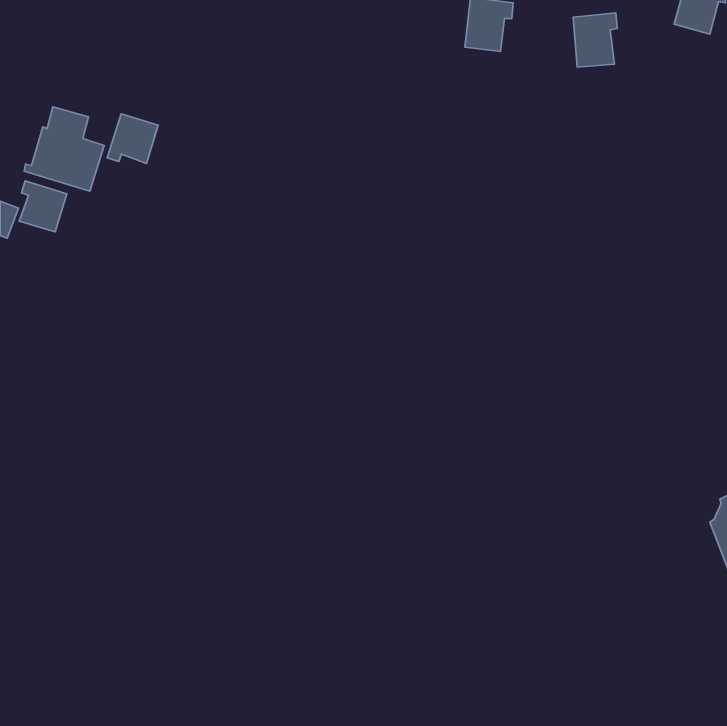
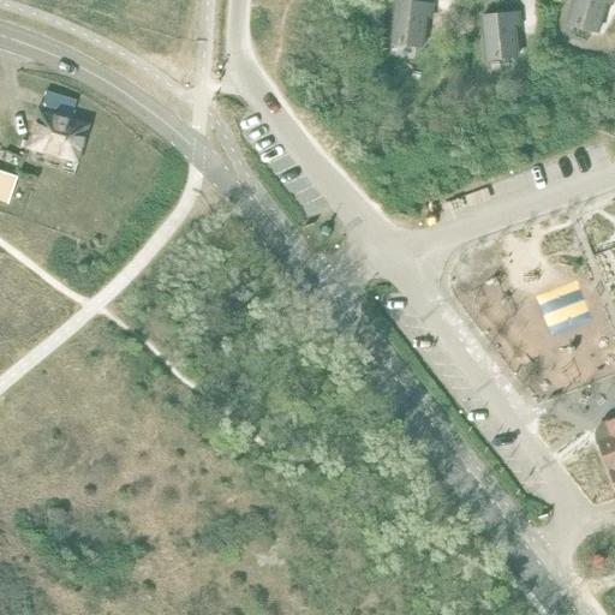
building: [107,114,158,163] -> none
building: [19,181,67,232] -> none

